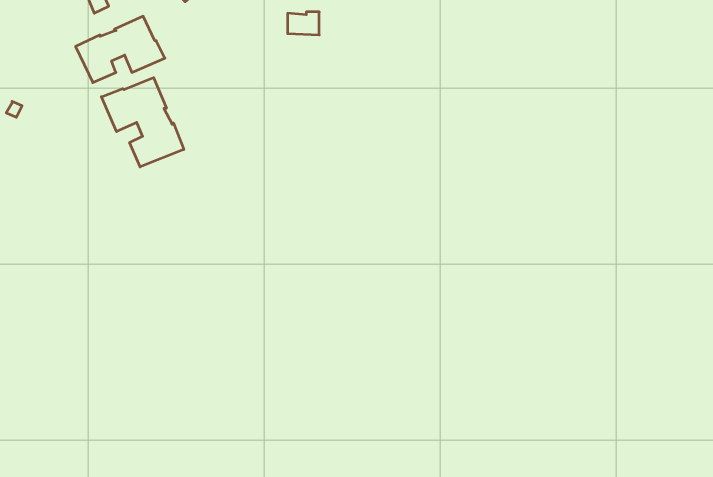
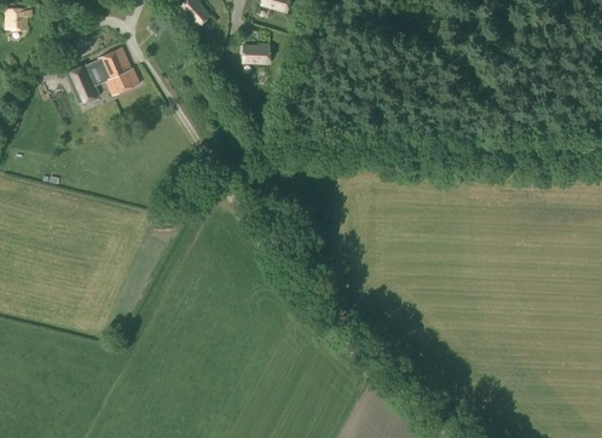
building: [101,78,184,167] -> none

